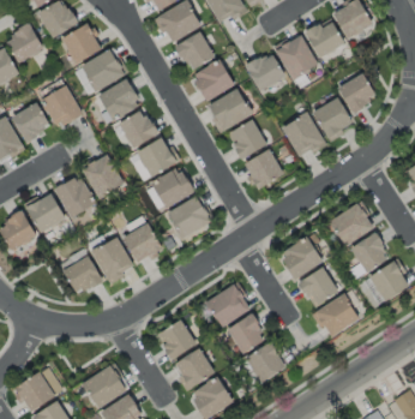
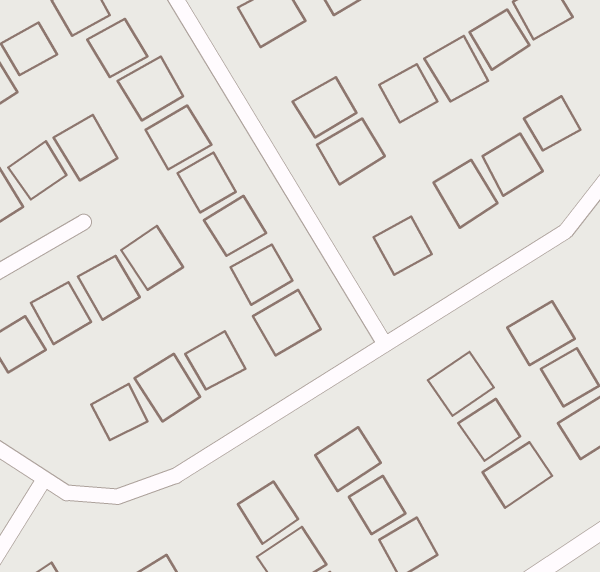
building: [176,32,215,71] -> none
building: [228,120,266,158] -> none

